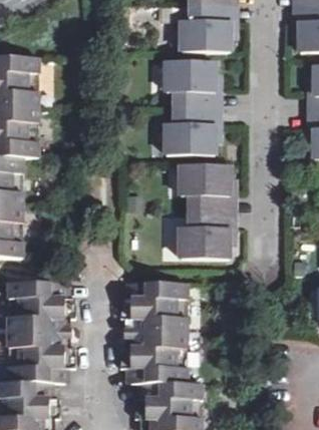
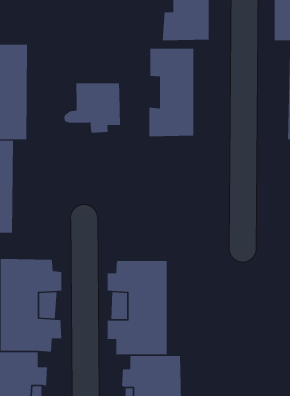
building: none -> [63,83,121,133]
building: [181,163,231,257] -> none

